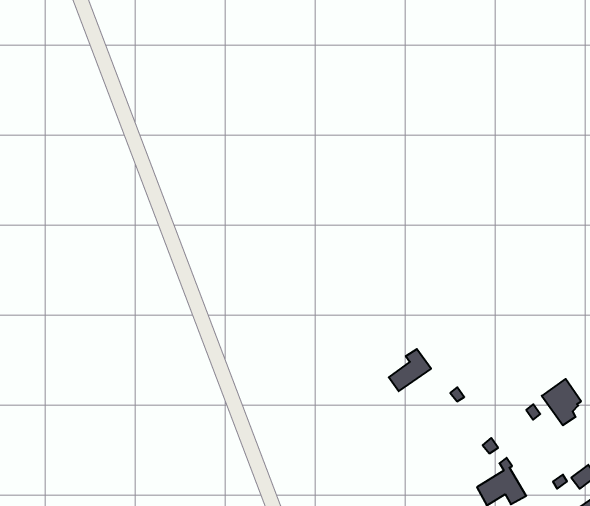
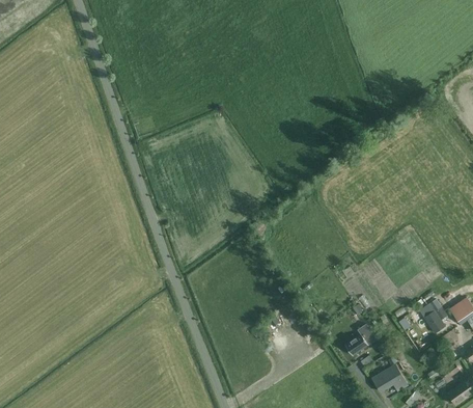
building: [389,349,431,391] -> [344,324,375,355]

